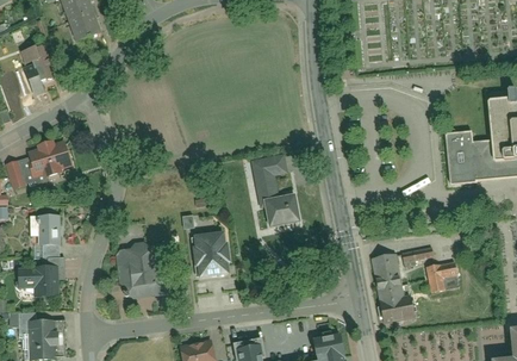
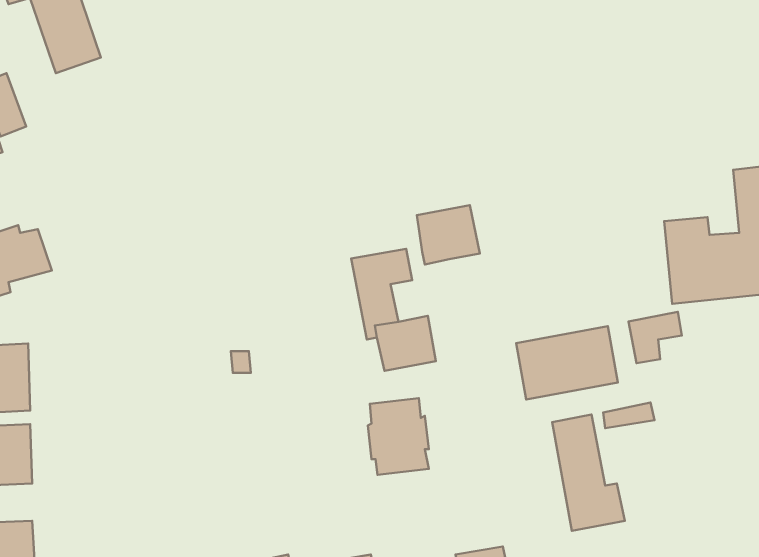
building: none -> [417,205,480,264]
building: none -> [516,326,618,400]
building: [195,230,232,276] -> [368,398,429,475]
building: [117,239,169,298] -> none
building: [426,260,459,291] -> [629,312,682,363]

